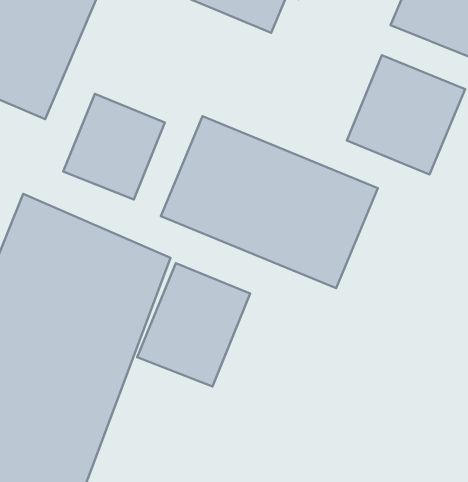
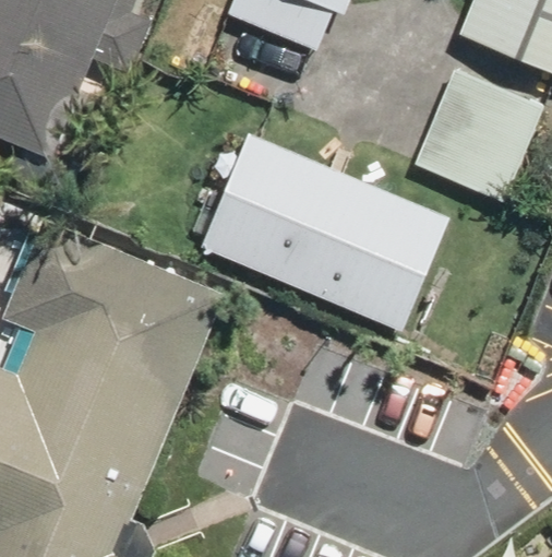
building: [63,94,165,199] -> none
building: [137,263,250,387] -> none

